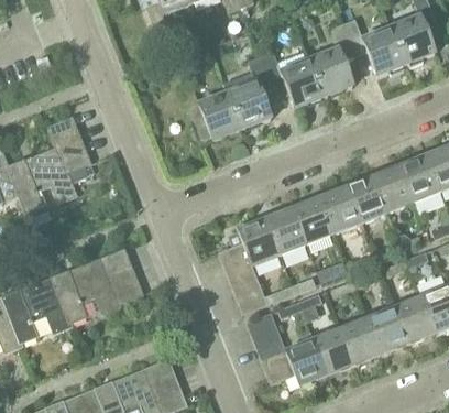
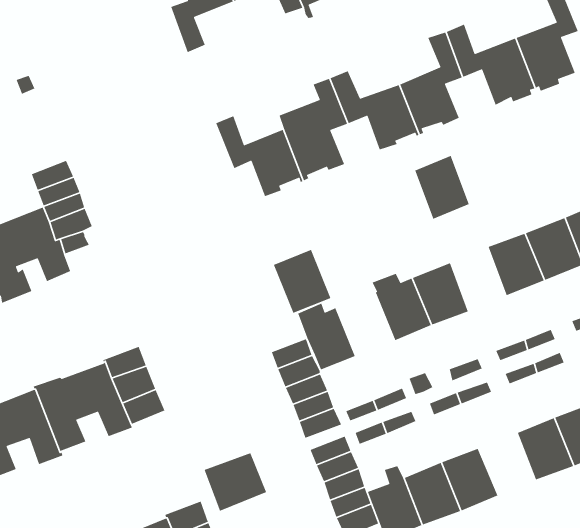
building: [346,176,385,222] -> [414,155,470,220]
building: [264,208,306,254] -> [273,249,332,314]
building: [365,308,406,354] -> none
building: none -> [204,452,267,512]

